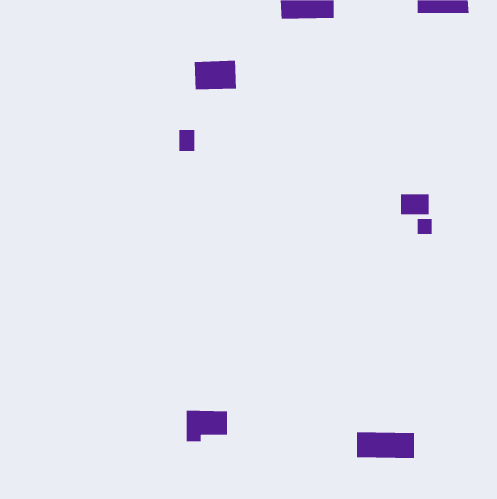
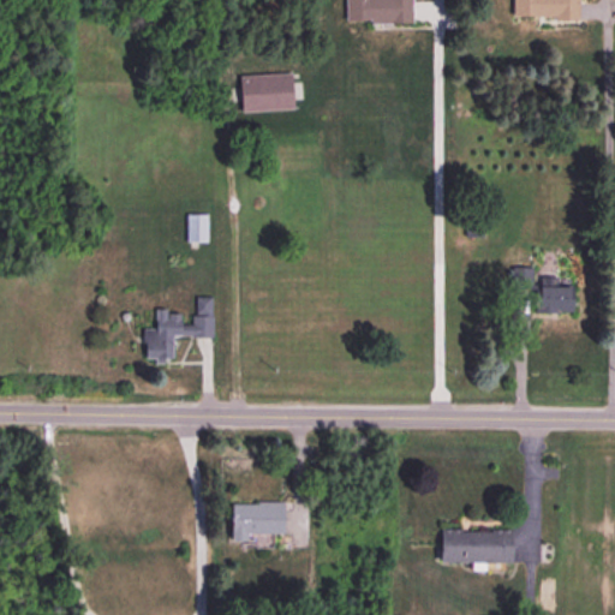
building: [178,129,195,152] -> [189,214,209,241]
building: [400,194,429,215] -> [538,286,574,312]
building: none -> [144,297,214,360]

